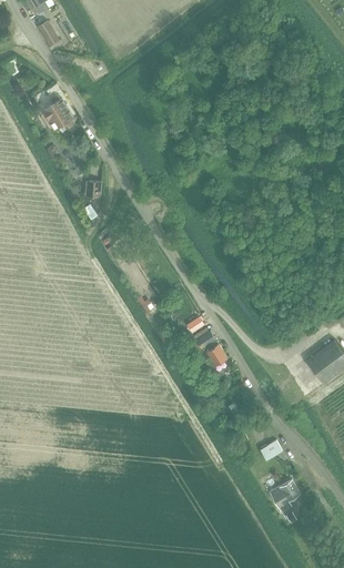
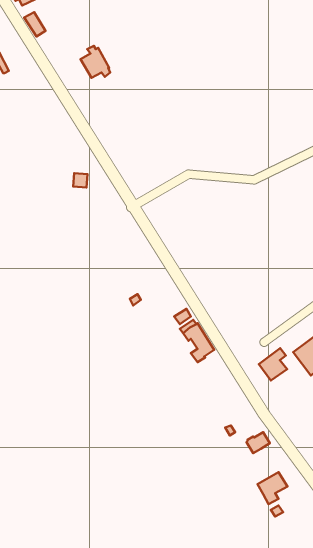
building: [44,95,74,128] -> [80,46,110,78]
building: none -> [259,348,287,381]

